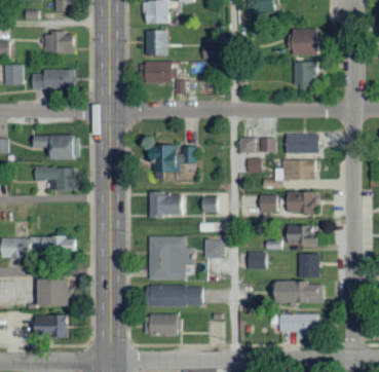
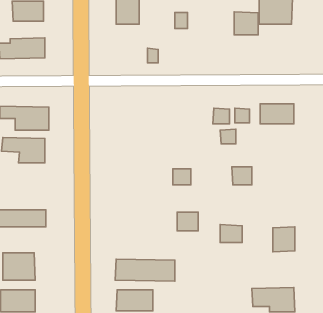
building: [140,62,172,84] -> none
building: [295,62,318,84] -> [234,12,258,35]
building: [149,145,199,173] -> none
building: [275,160,315,181] -> none
building: [287,191,321,215] -> none
building: [149,194,185,216] -> none
building: [286,225,317,245] -> none
building: [149,236,196,281] -> none
building: [271,283,326,304] -> none

